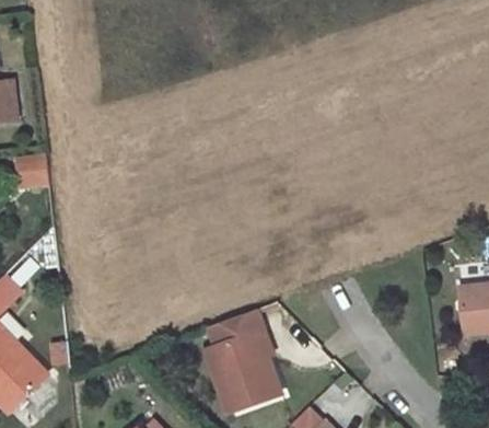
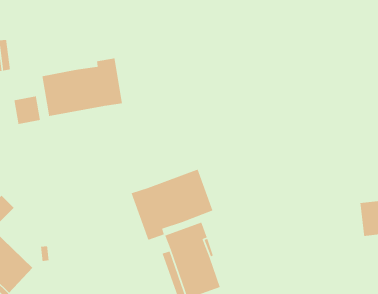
building: none -> [41,58,123,117]
building: none -> [131,168,214,241]

